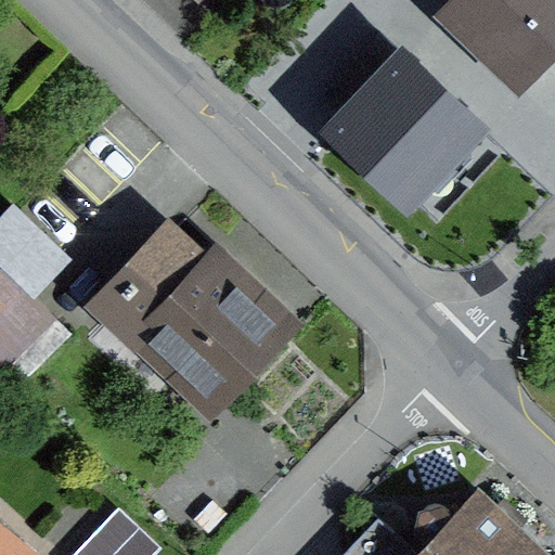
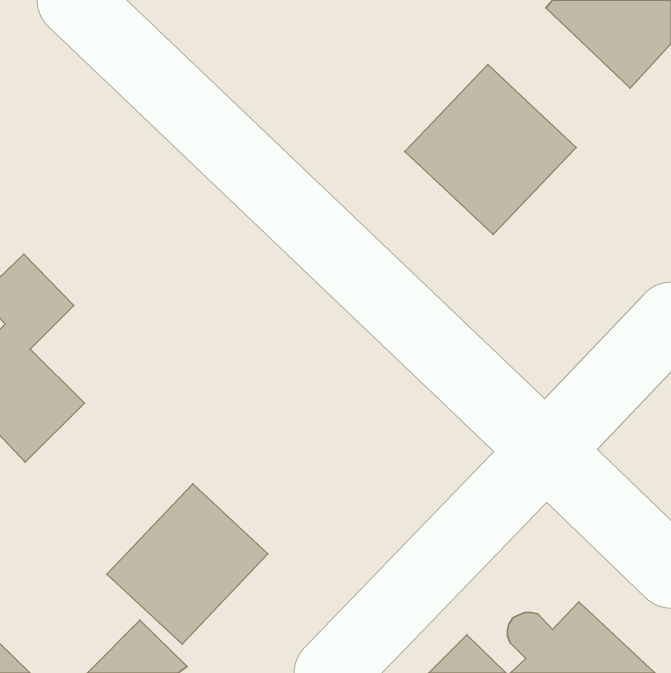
building: [99,227,276,390] -> none
building: none -> [107,484,268,644]

